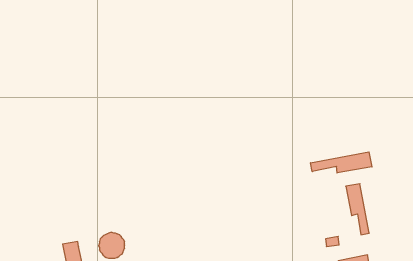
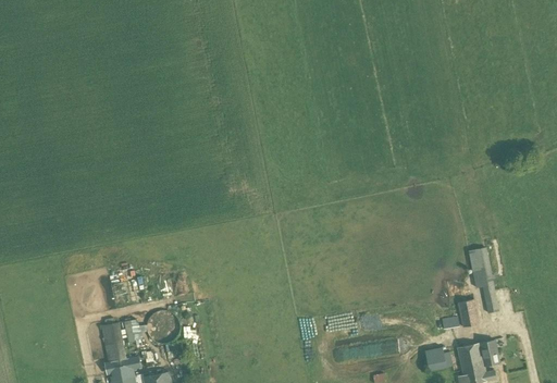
building: [311,152,372,173] -> none
building: none -> [457,299,479,328]

